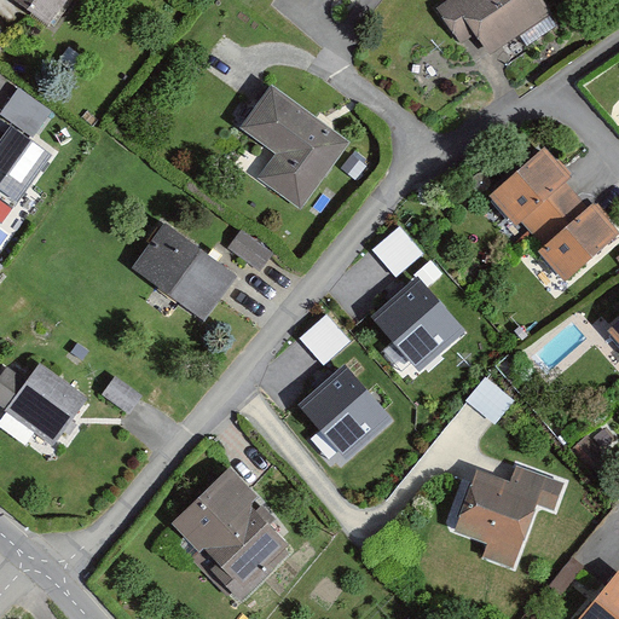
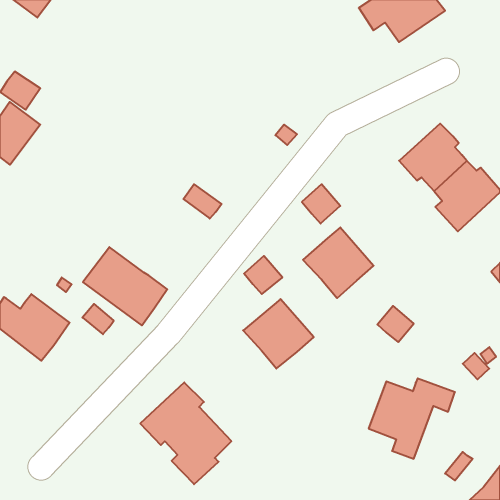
building: [241,89,343,203] -> none
building: [131,222,235,319] -> [83,247,167,325]

